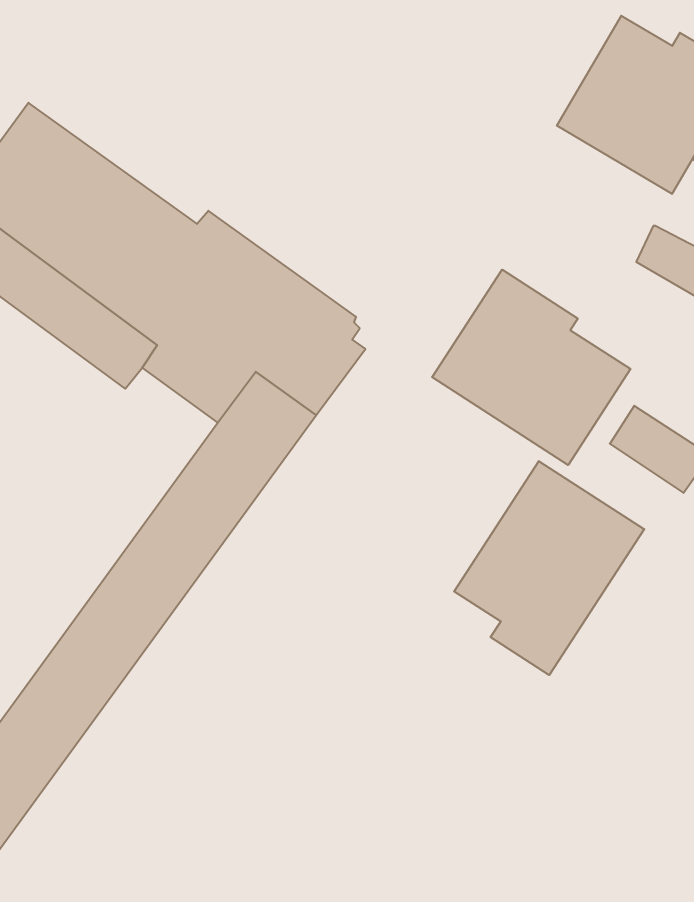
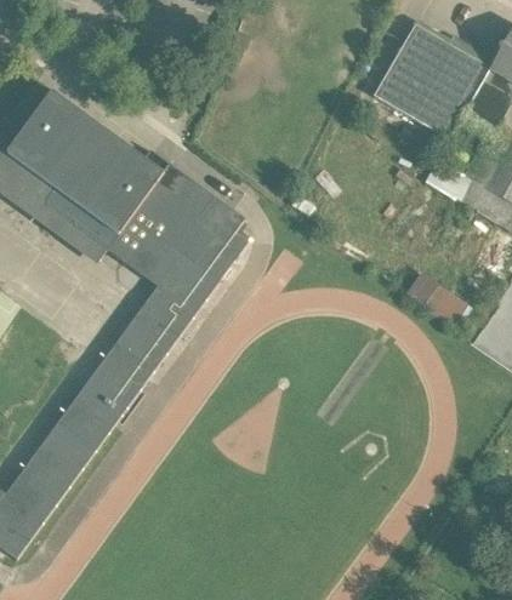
building: [432,270,630,465] -> none
building: [454,461,644,675] -> none

